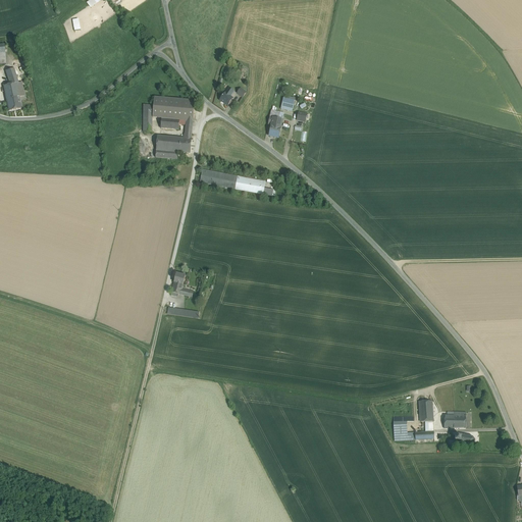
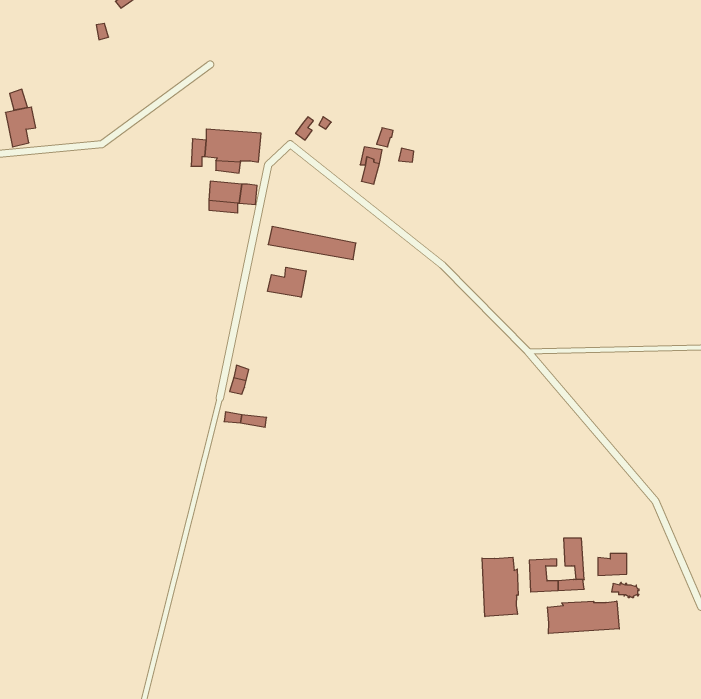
building: none -> [268,267,306,297]
building: none -> [482,557,518,617]
building: none -> [548,601,619,634]

